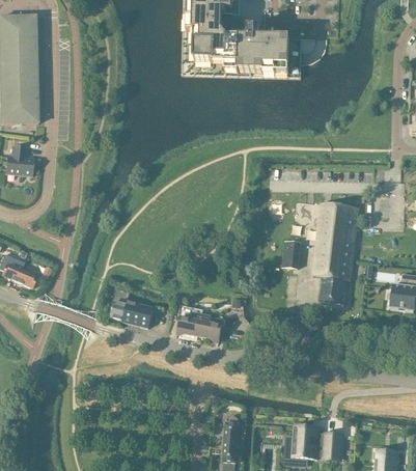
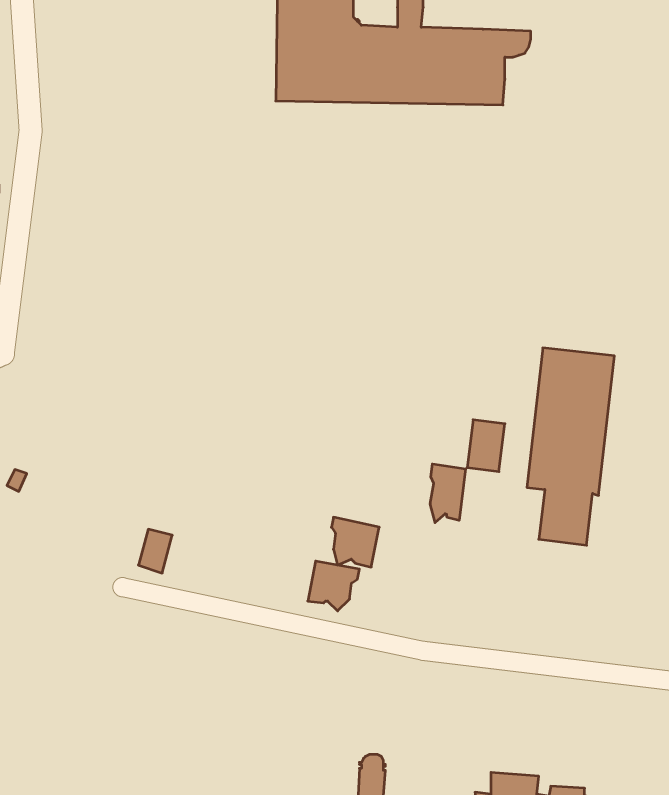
building: none -> [430,464,466,523]
building: [122,301,152,328] -> none
building: [177,309,202,335] -> [331,517,379,567]

